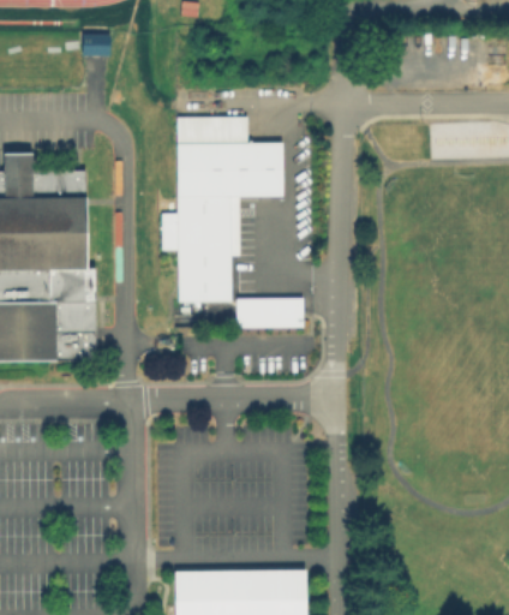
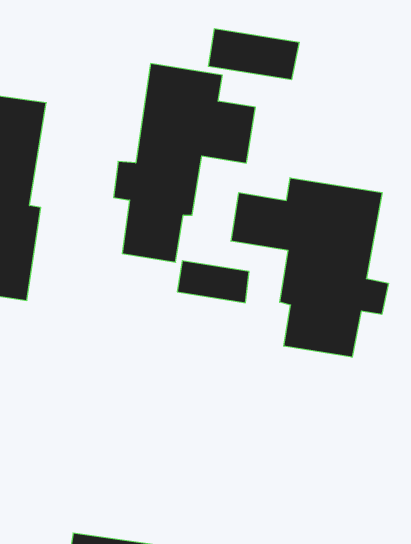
building: none -> [208,29,299,80]
building: none -> [231,178,388,357]

